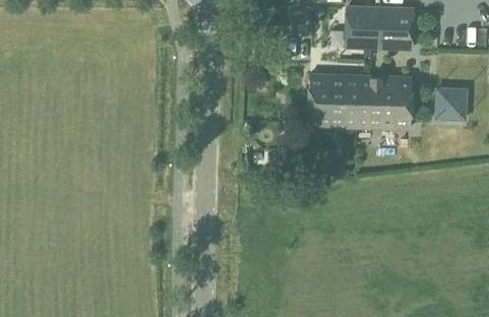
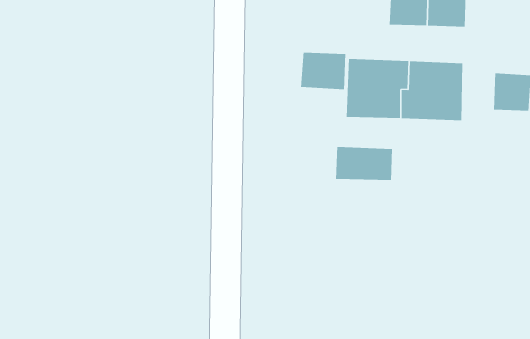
building: none -> [300,52,346,90]
building: none -> [336,146,393,181]

